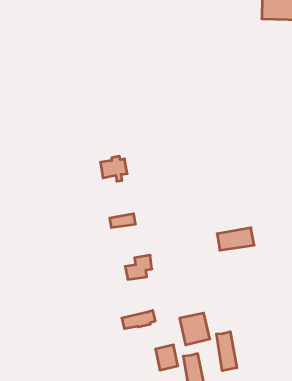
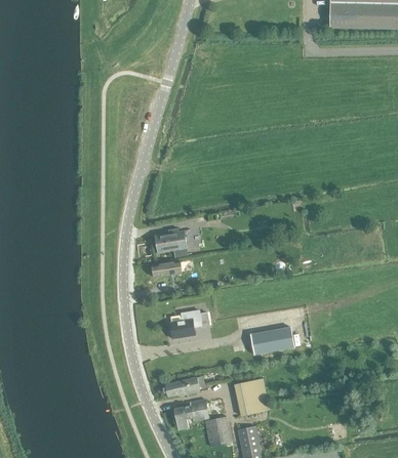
building: [100,156,127,181] -> [154,226,186,256]
building: [217,228,254,250] -> [249,327,293,353]
building: none -> [173,399,207,428]
building: [216,332,237,371] -> none

